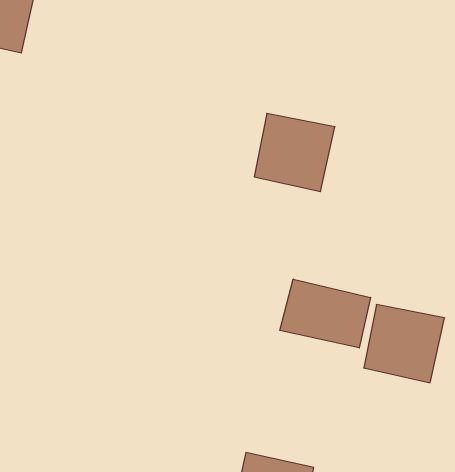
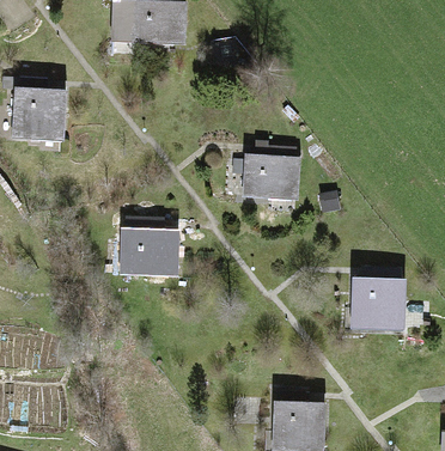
building: none -> [121,227,173,278]
building: [280,279,371,348] -> none

